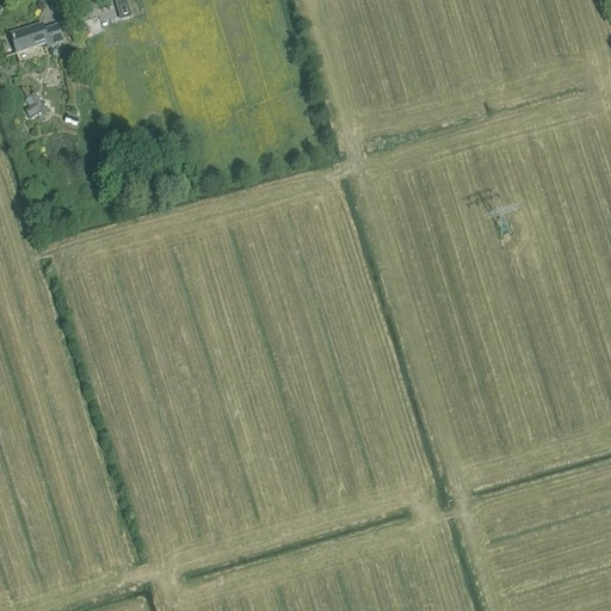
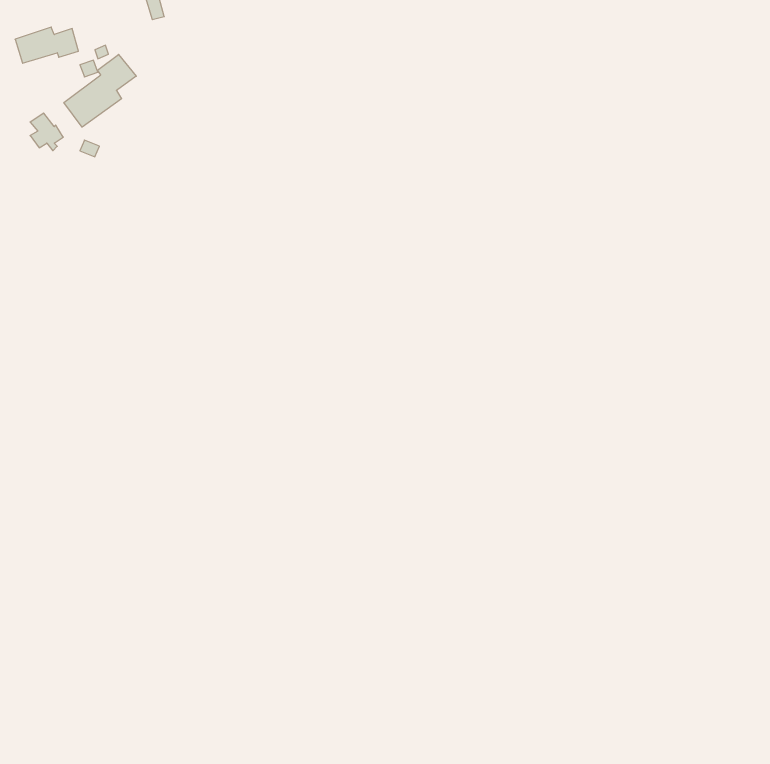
building: none -> [64,54,136,127]

